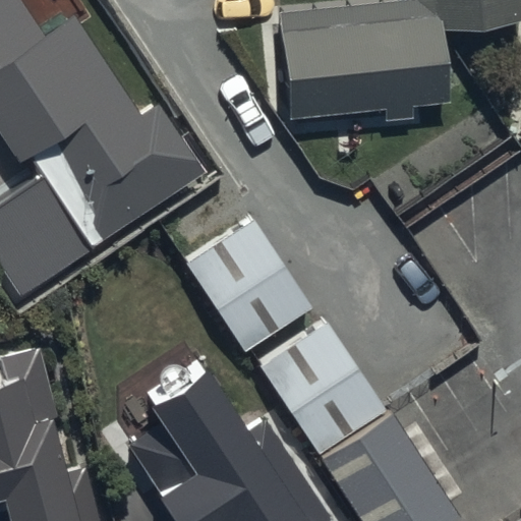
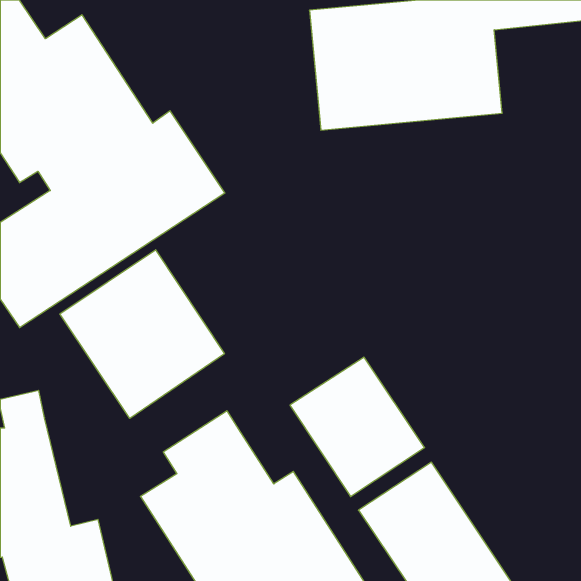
building: [188,216,313,350] -> none
building: none -> [60,250,224,418]

